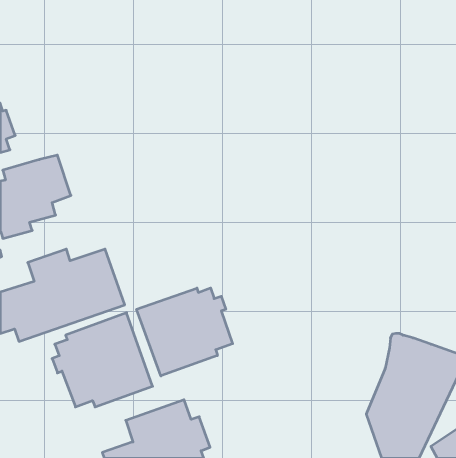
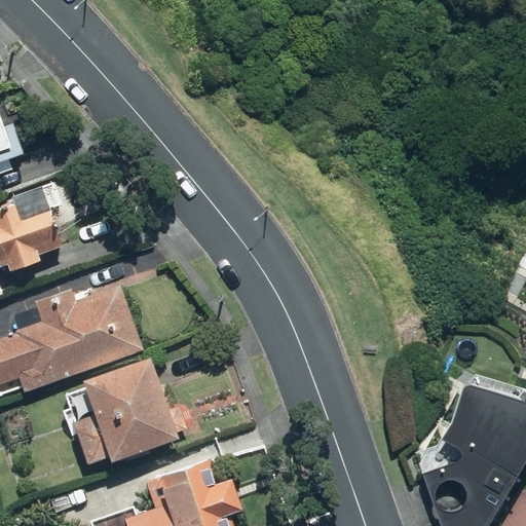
building: [137,288,233,376] -> none

